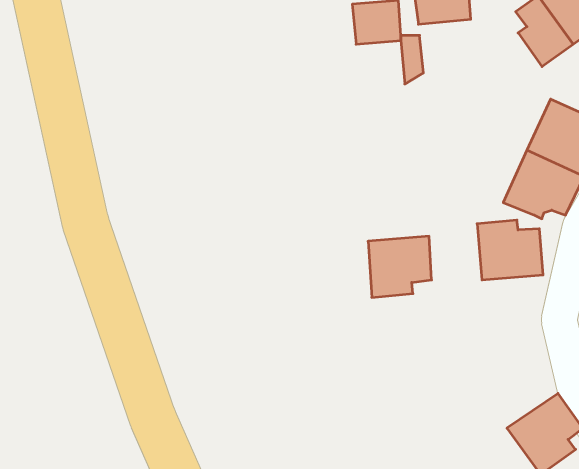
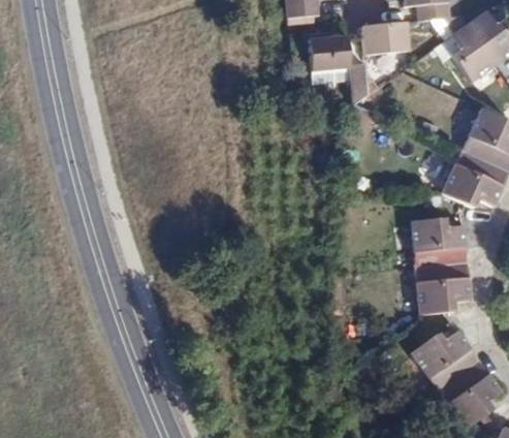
building: [368,236,432,297] -> [417,261,470,312]
building: none -> [412,328,480,388]

